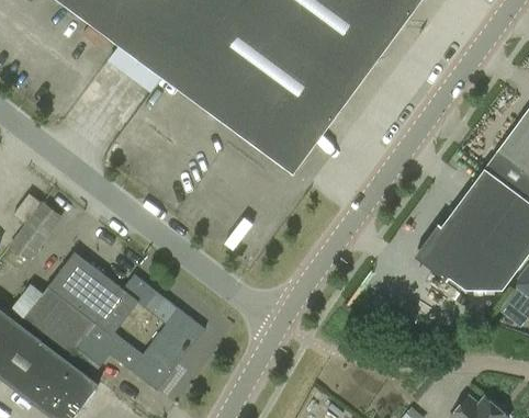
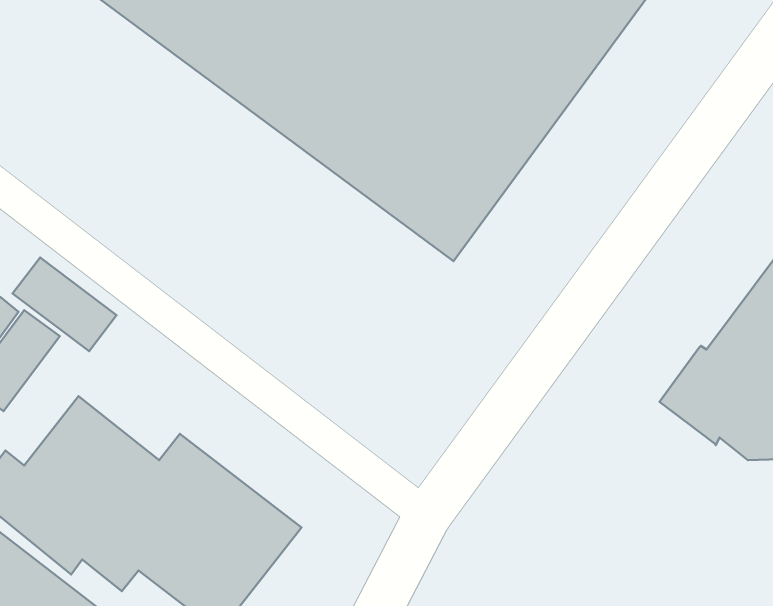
building: none -> [13,258,117,351]

